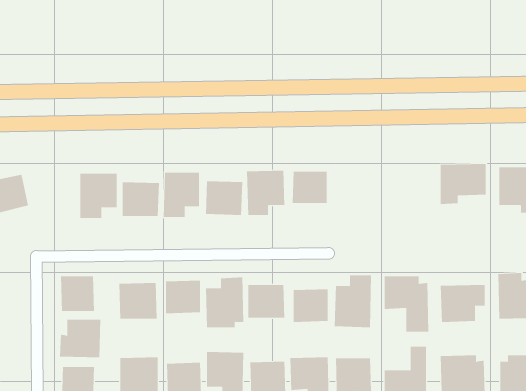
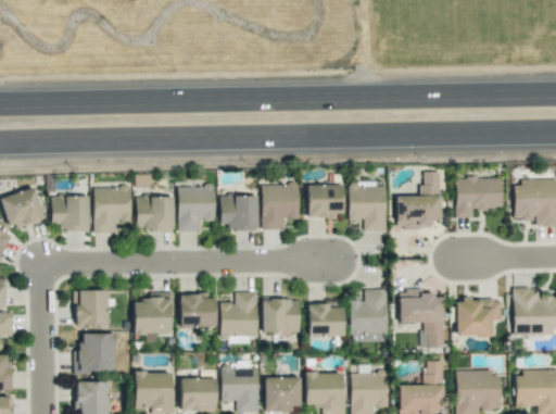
building: none -> [396,172,441,229]
building: none -> [349,183,387,231]
building: none -> [52,196,90,230]

